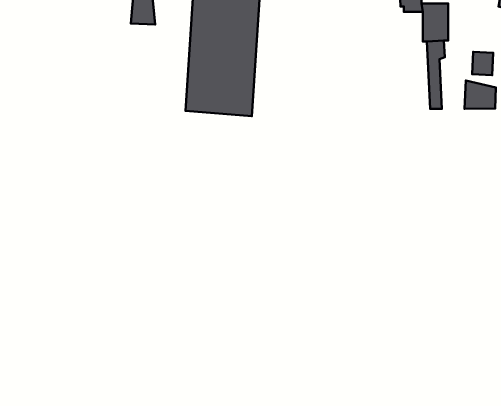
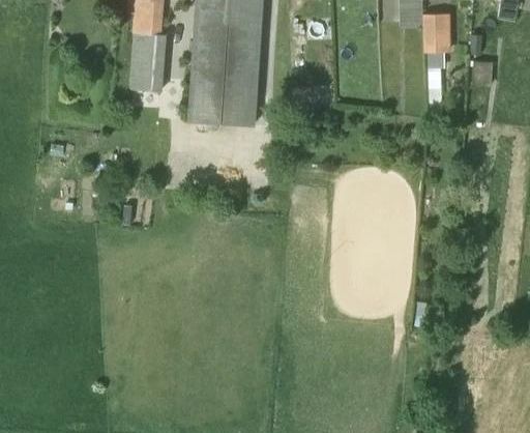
building: none -> [132,34,165,92]
building: [464,81,496,109] -> none

